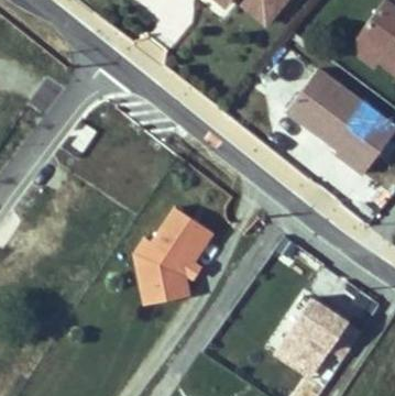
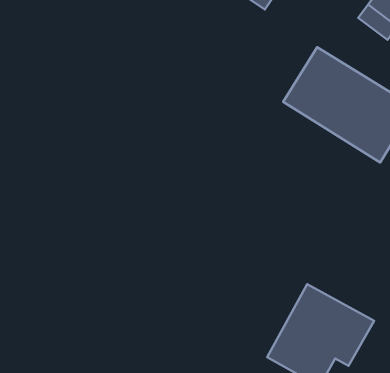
building: [125,207,220,315] -> none

